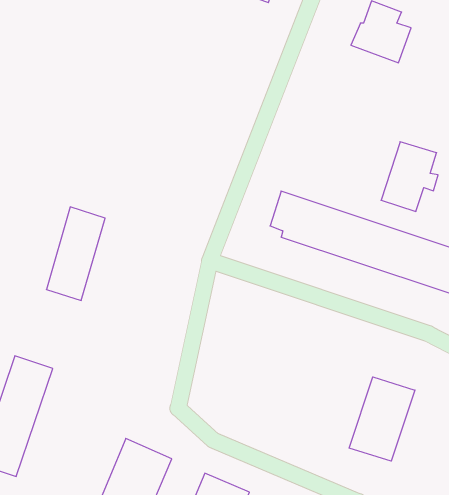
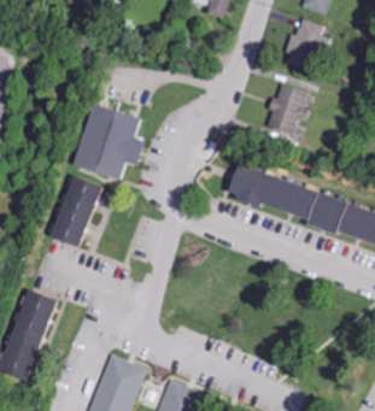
building: none -> [75,104,145,178]
building: [381,142,438,211] -> [264,82,307,135]
building: [349,377,415,461] -> none

